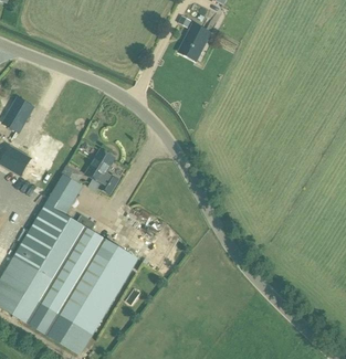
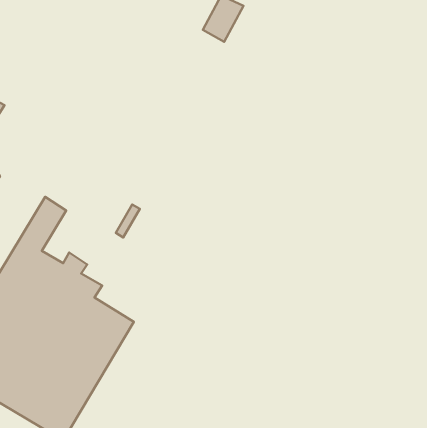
building: [85,149,118,193] -> none

